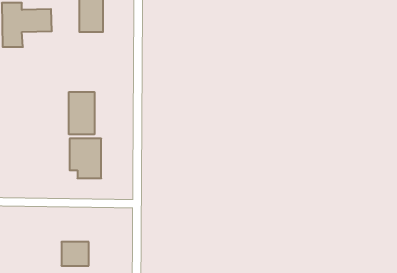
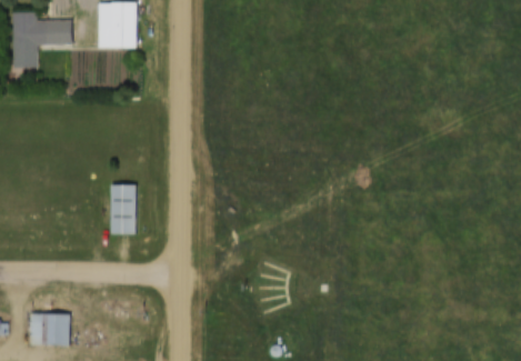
building: [69,92,94,134] -> none
building: [61,242,89,266] -> [28,314,62,344]

